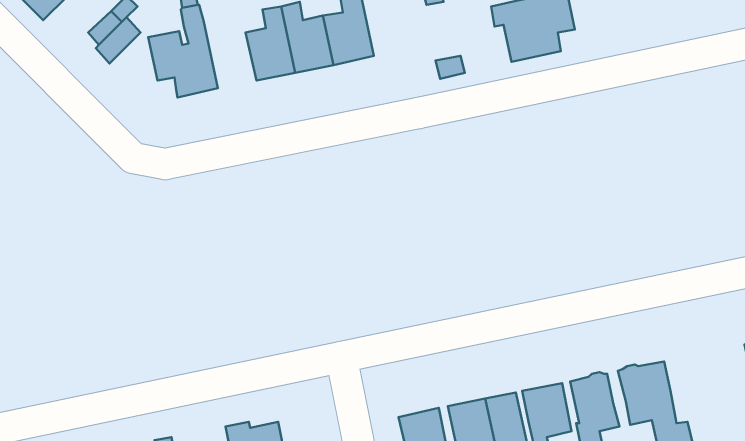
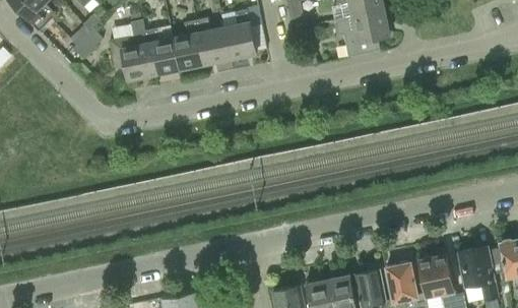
building: none -> [146,28,181,74]
building: none -> [457,242,497,302]

